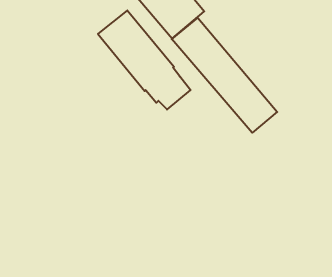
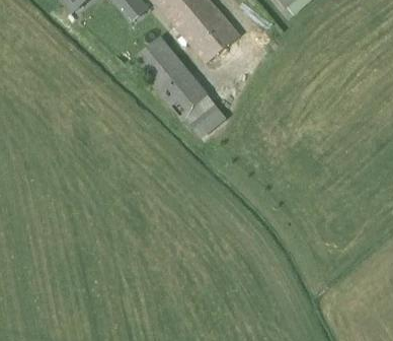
building: [172,18,277,133] -> none

